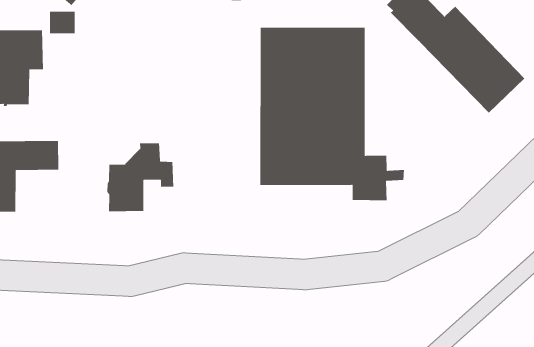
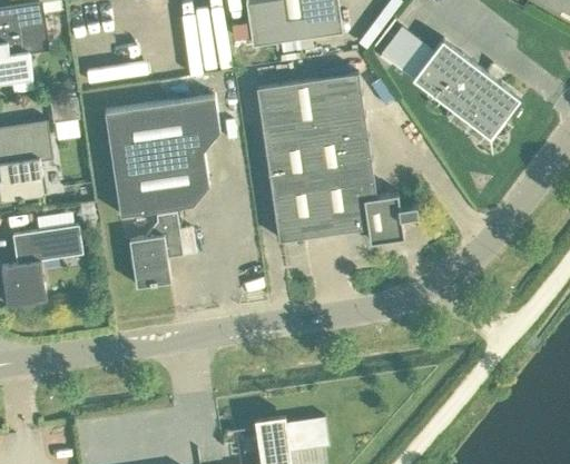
building: none -> [105,96,219,216]

